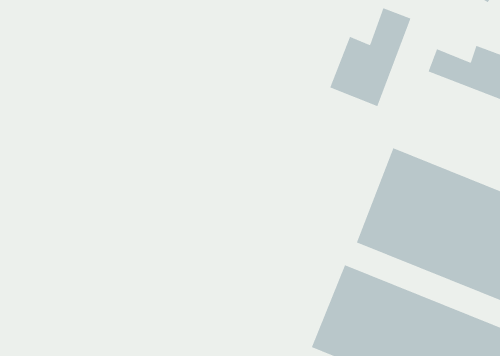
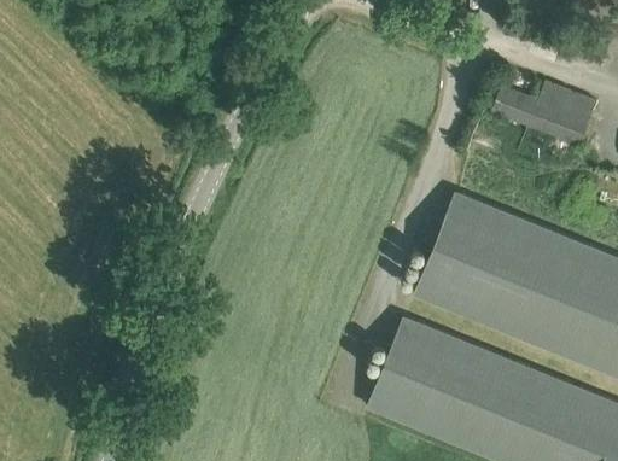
building: [329,7,411,107] -> none

